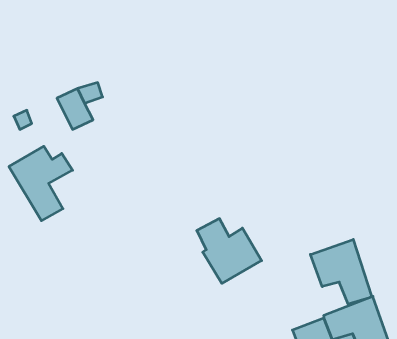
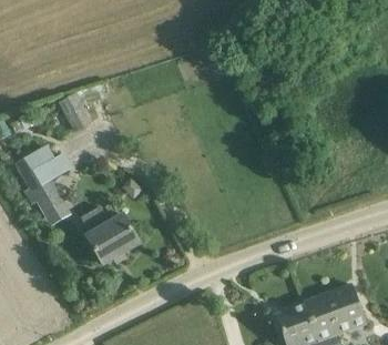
building: [197,219,262,283] -> [80,206,140,266]
building: [310,239,371,304] -> none

